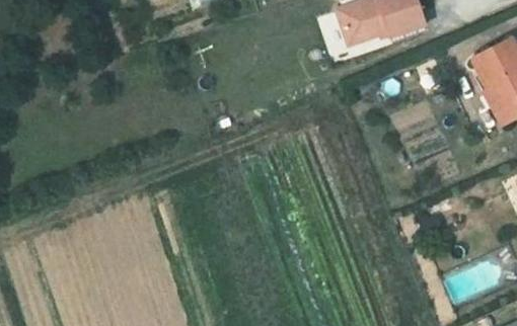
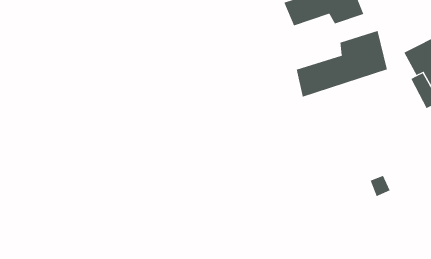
building: none -> [296,30,387,97]

